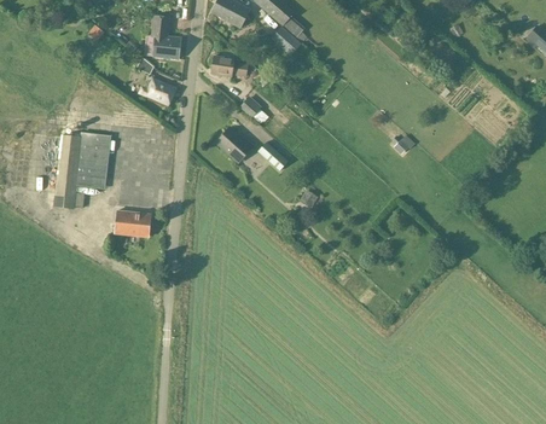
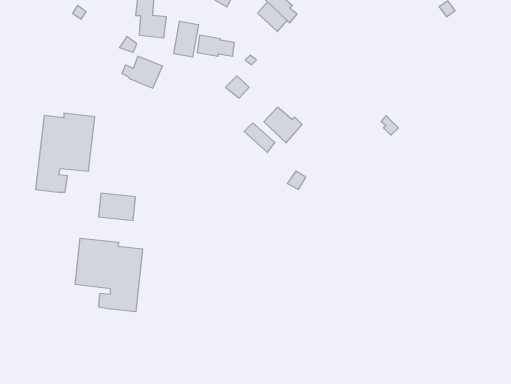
building: none -> [174,21,198,57]
building: [216,127,254,162] -> [264,107,302,143]
building: none -> [75,238,143,312]

